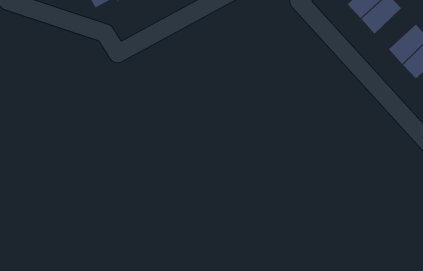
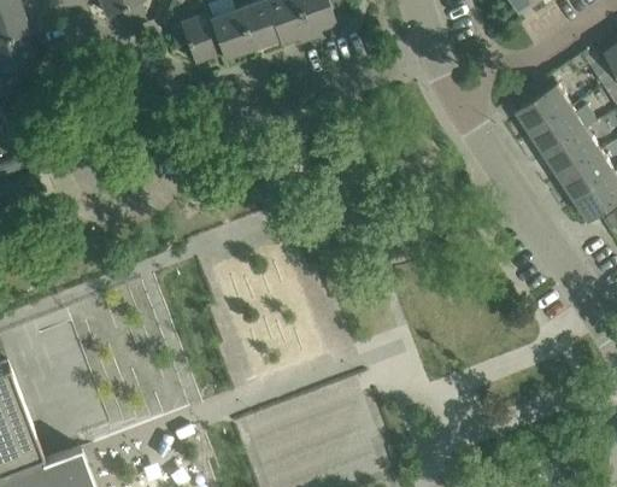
building: none -> [545,128,600,177]

